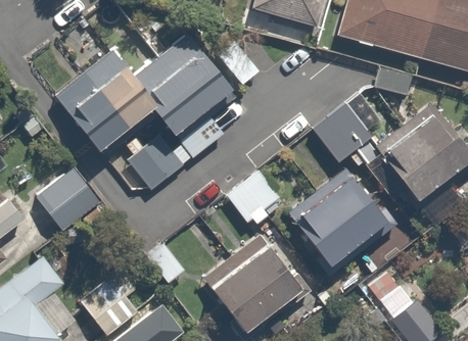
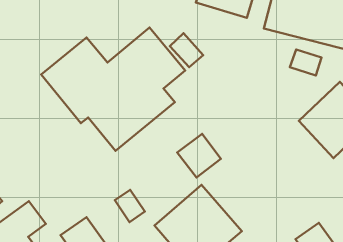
building: [312,99,375,161] -> none
building: [34,164,104,234] -> none
building: [296,166,394,274] -> none

